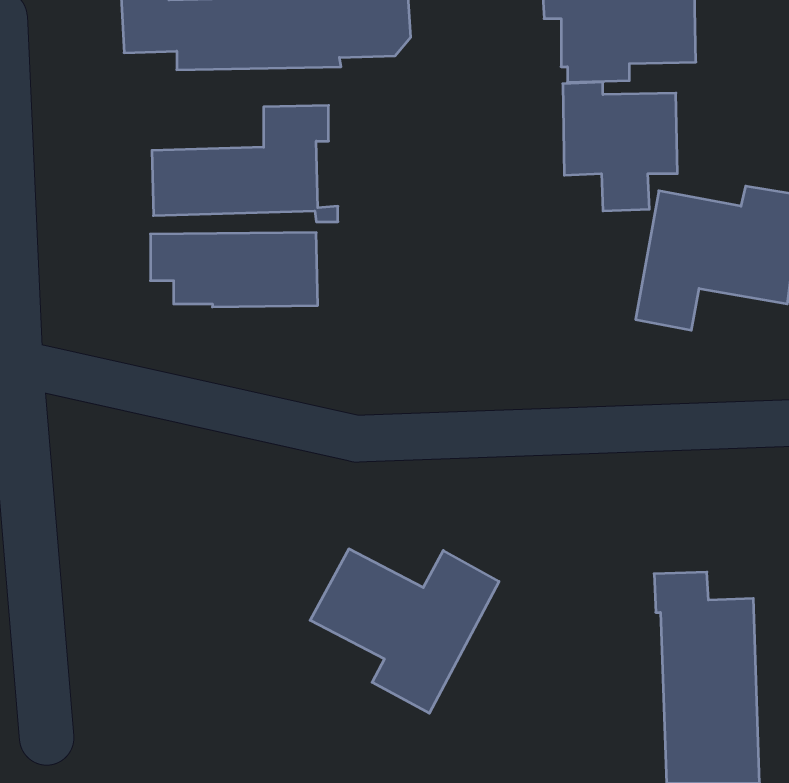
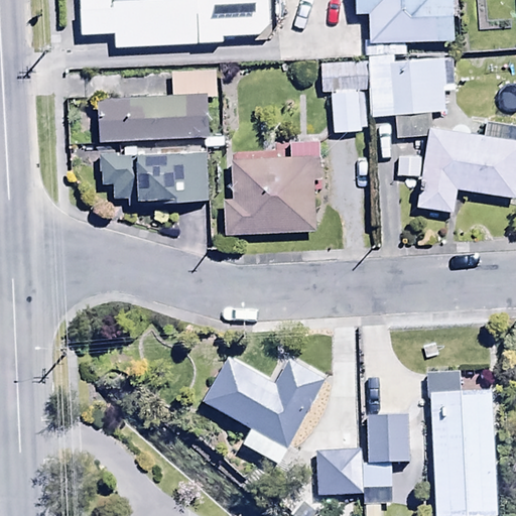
building: none -> [319,61,366,133]
building: none -> [226,141,324,234]
building: none -> [369,417,410,466]
building: none -> [318,450,364,494]

